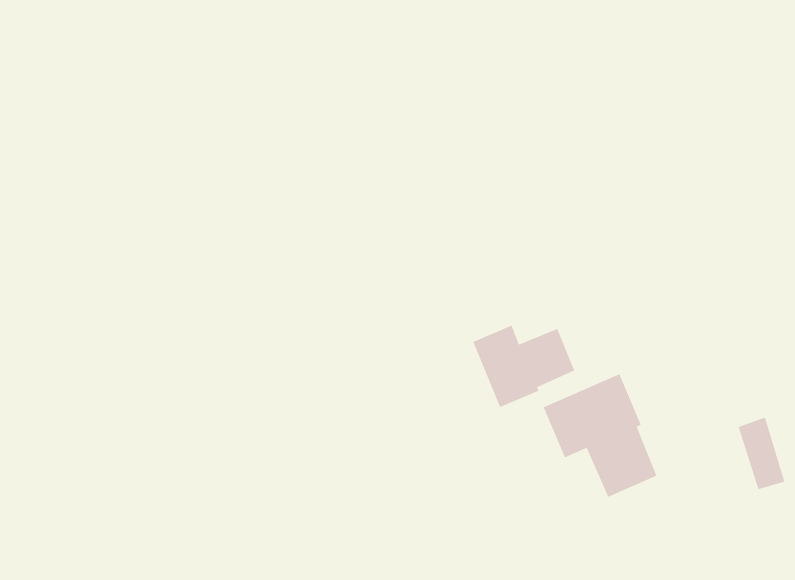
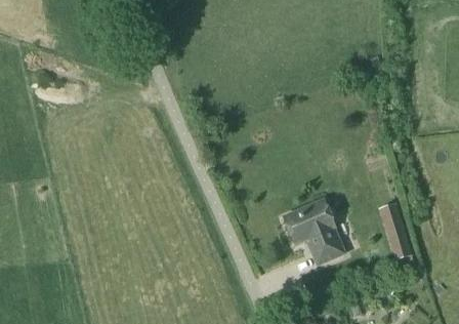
building: [473,325,575,408] -> none

